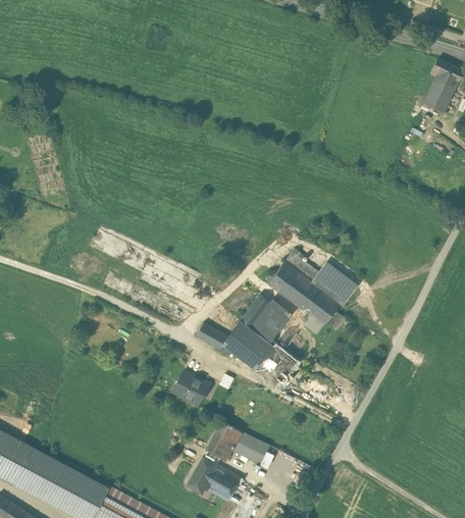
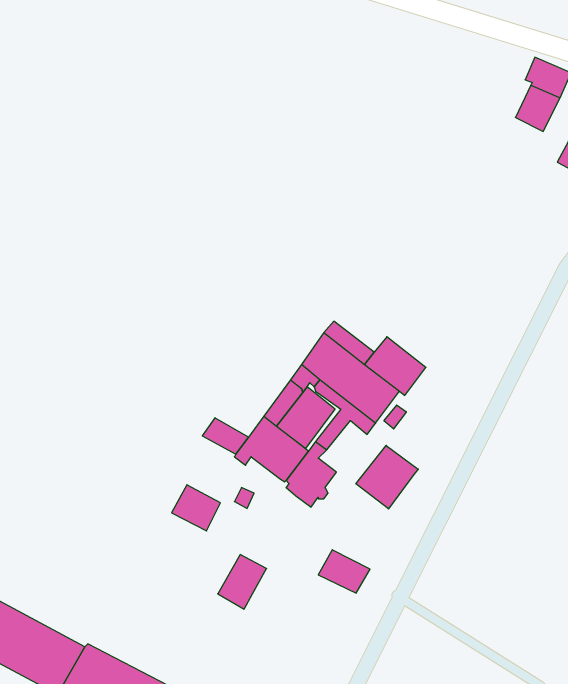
building: none -> [356,445,418,509]
building: [231,432,269,464] -> [318,550,370,593]
building: [189,458,240,500] -> none

